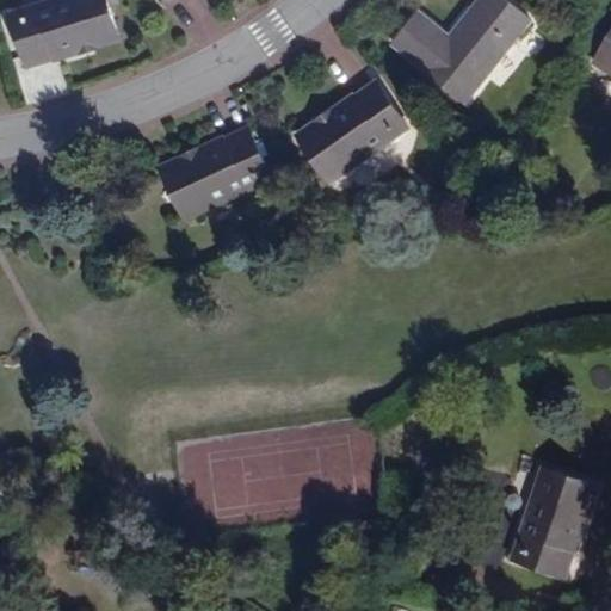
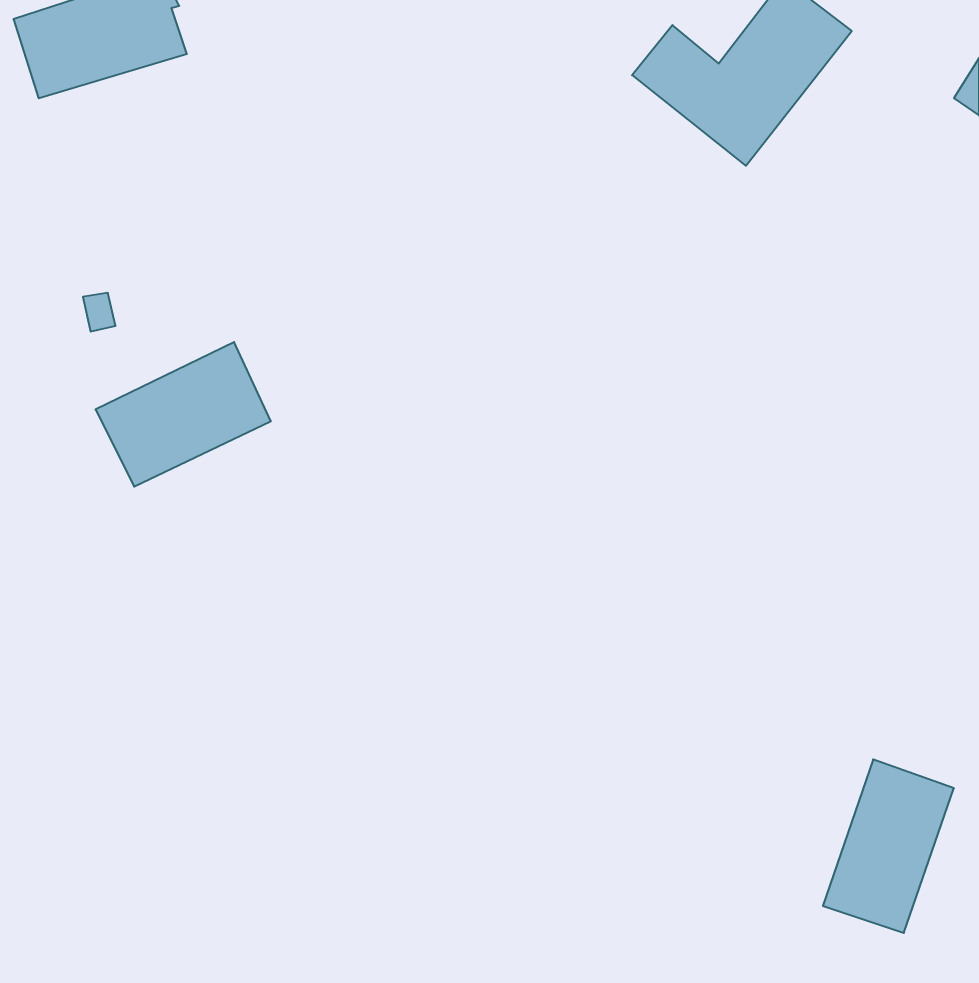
building: [296,82,406,189] -> none
building: [161,129,270,218] -> [95,342,271,487]

